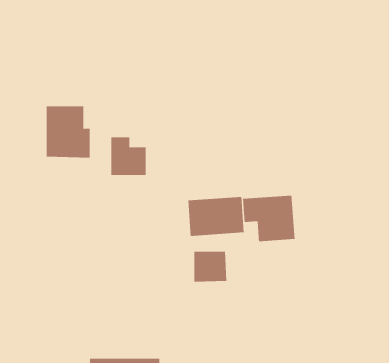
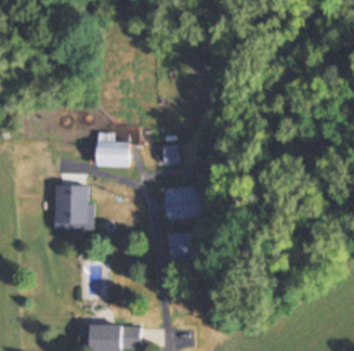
building: [46,106,90,158] -> [55,184,94,230]
building: [243,195,295,242] -> none

